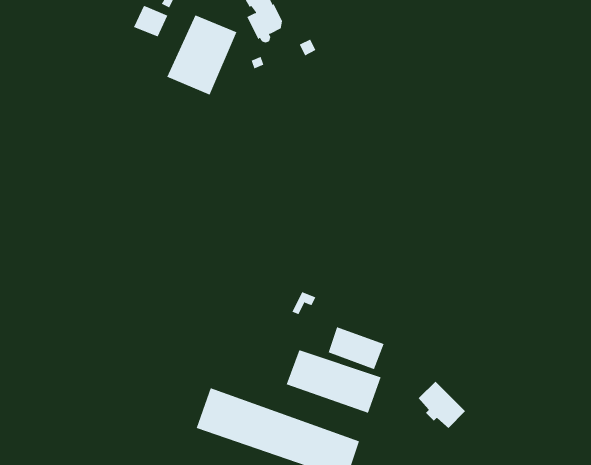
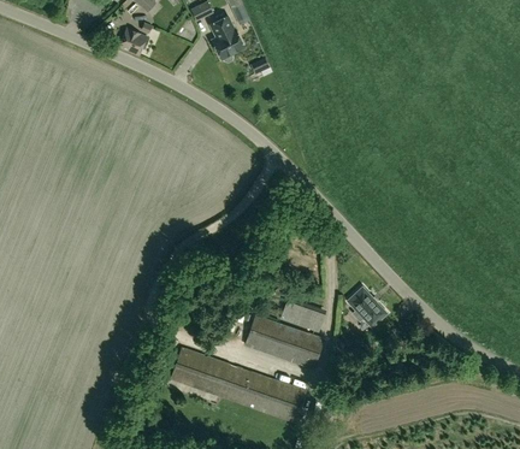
building: [166,15,237,96] -> none
building: [418,381,466,429] -> [348,284,388,324]

